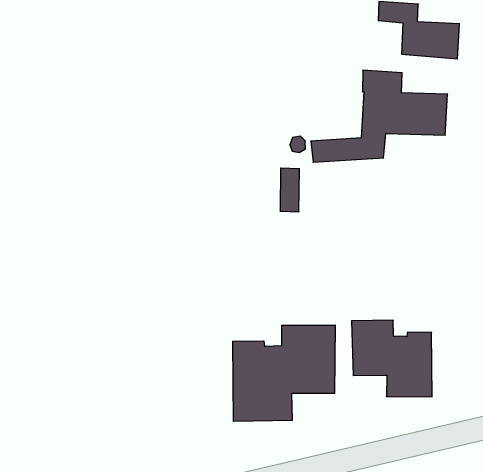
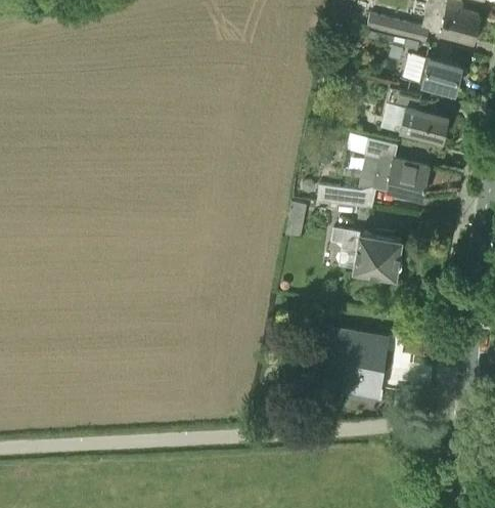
building: none -> [332,228,403,274]
building: [233,325,335,421] -> none

